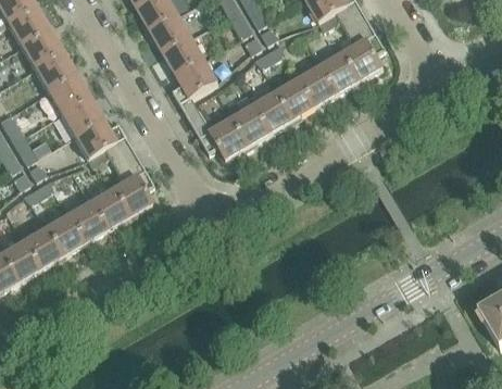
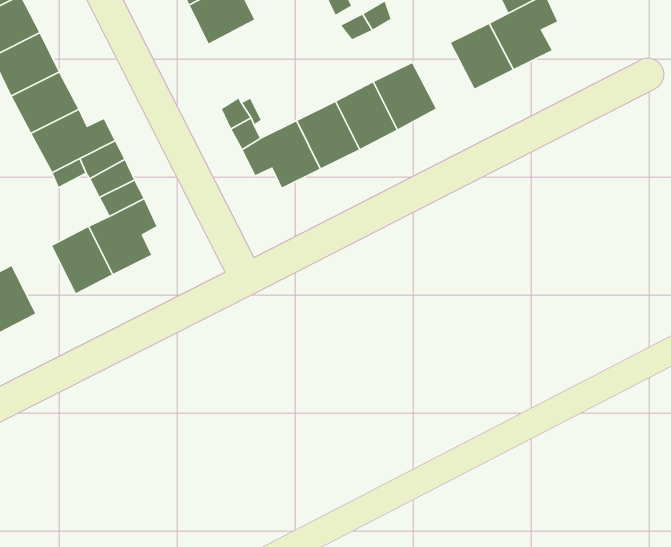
building: [173,59,217,103] -> none
building: [299,65,337,105] -> none
building: [66,201,105,242] -> none

